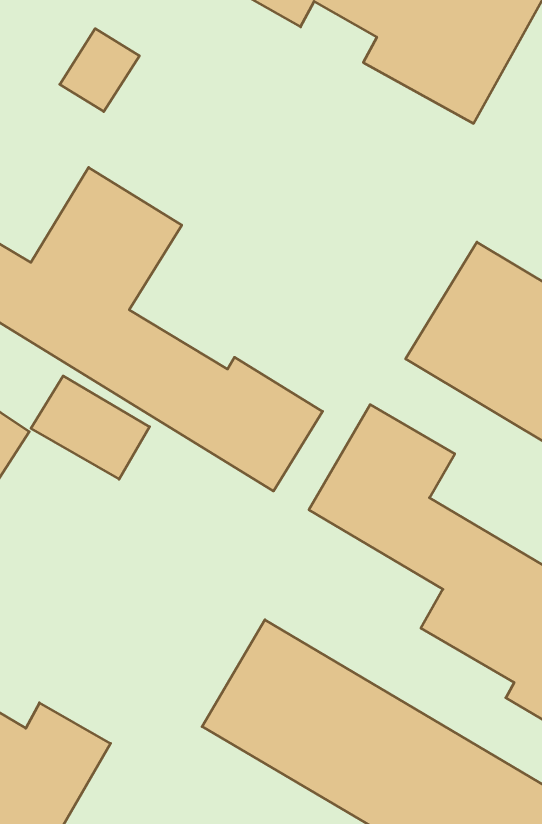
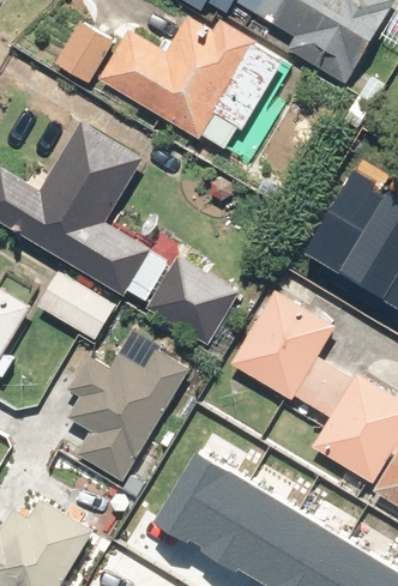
building: none -> [100,12,281,150]
building: none -> [65,345,191,483]

